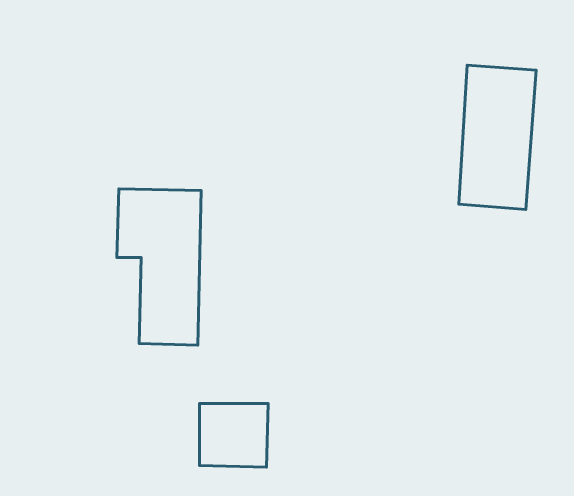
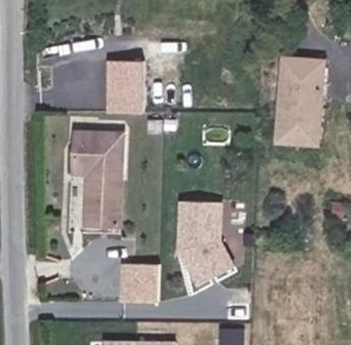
building: none -> [103,61,140,112]
building: none -> [181,197,229,276]

